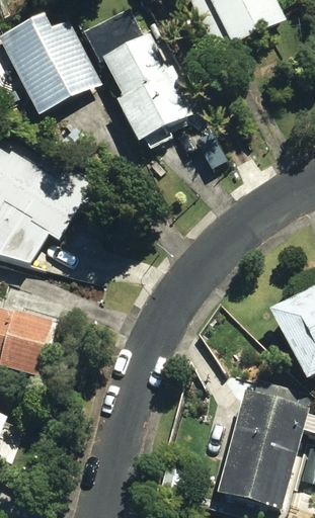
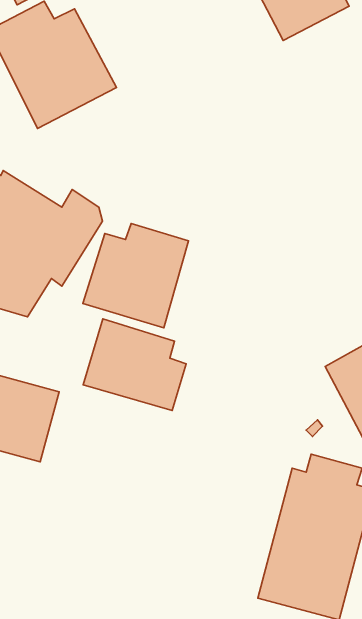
building: [104,32,194,143] -> none
building: none -> [83,224,189,328]
building: none -> [83,319,186,411]

